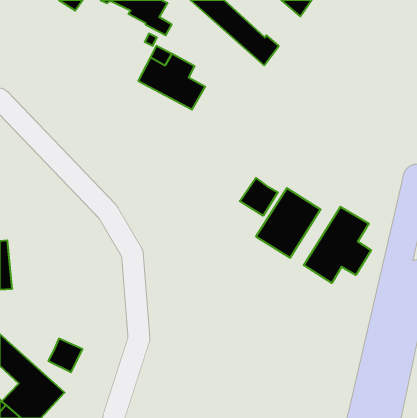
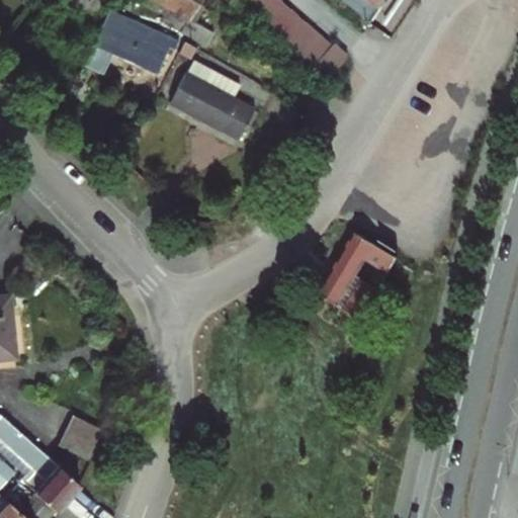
building: none -> [85,8,178,71]
building: [240,178,278,216] -> none
building: [304,207,371,283] -> none

